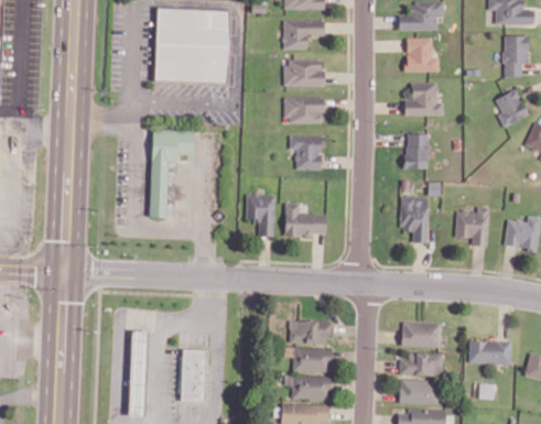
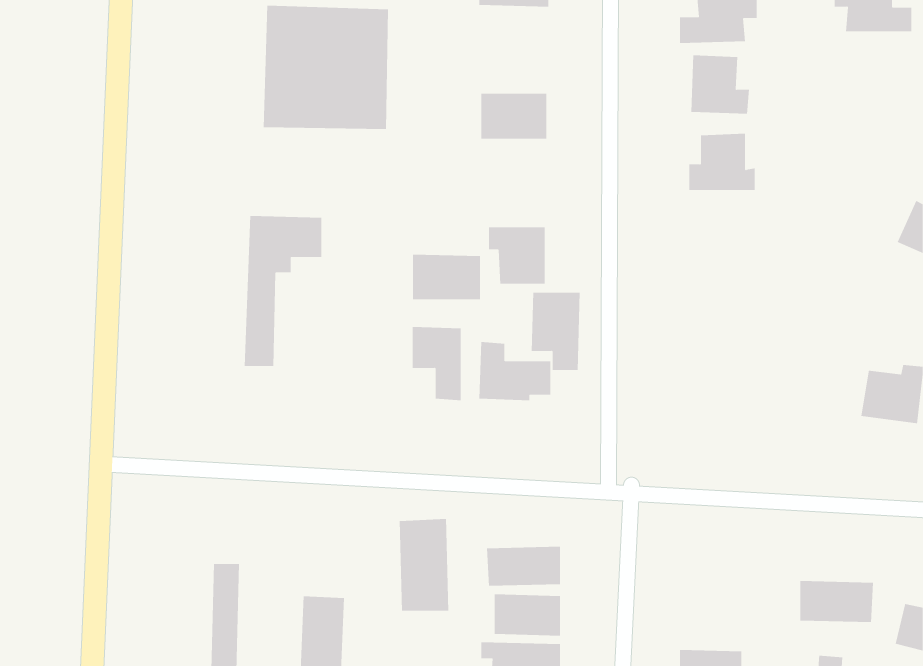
building: [283,20,324,50] -> none
building: [504,35,528,77] -> none
building: [496,90,528,126] -> none
building: [284,97,324,123] -> [412,254,481,300]
building: [404,133,429,168] -> none
building: [400,197,429,242] -> [531,292,580,371]
building: [453,211,487,251] -> none
building: none -> [399,518,449,611]
building: [400,322,440,347] -> none
building: [398,352,443,376] -> none

